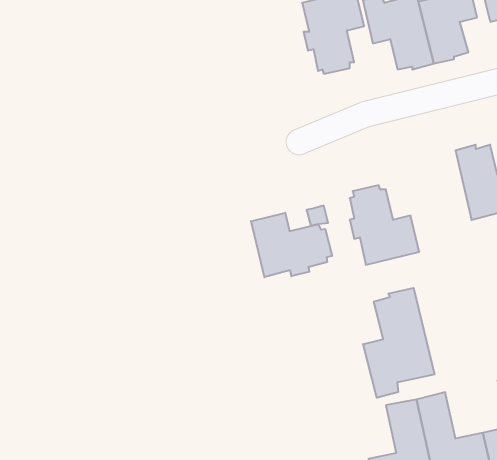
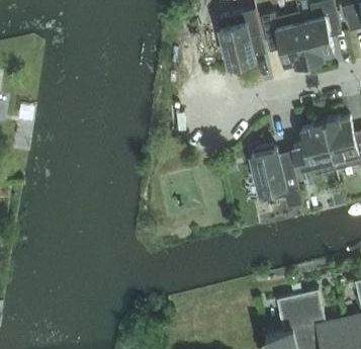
building: none -> [293,122,337,180]
building: [251,213,332,277] -> none
building: [363,288,434,398] -> none

